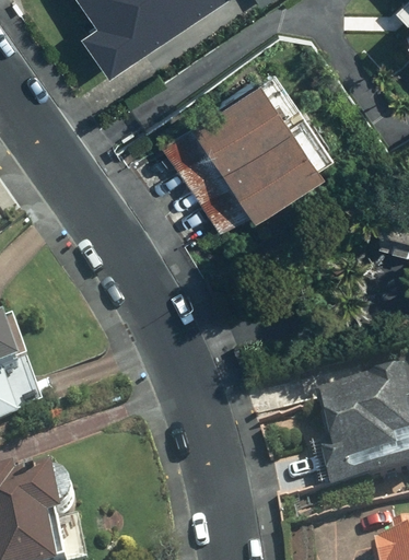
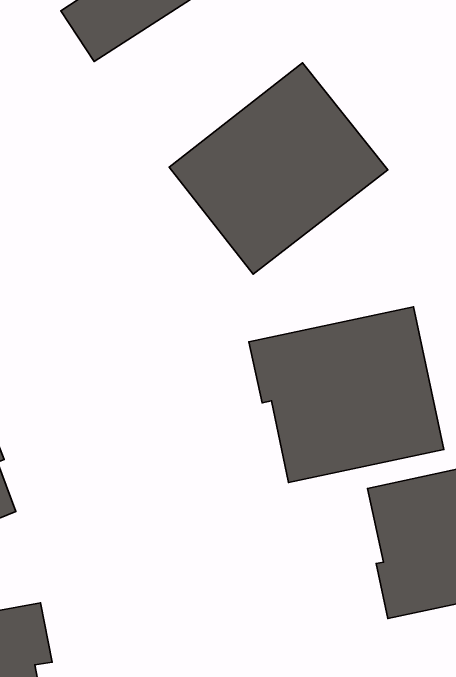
building: none -> [249,307,444,483]

